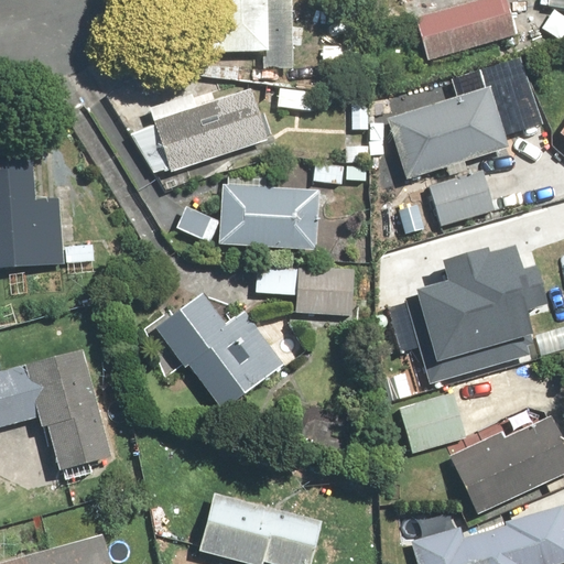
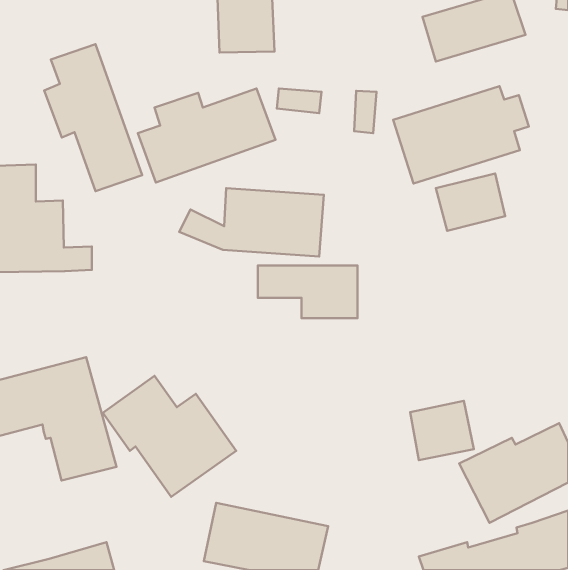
building: none -> [44,44,142,191]
building: [395,238,541,386] -> none
building: [156,293,288,412] -> [103,376,236,497]

